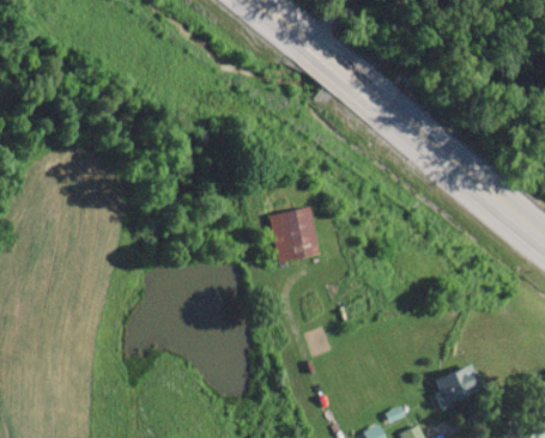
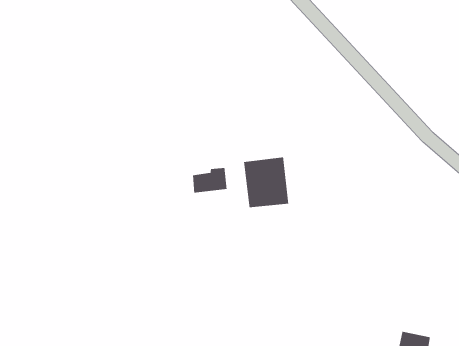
building: none -> [192,167,228,194]

